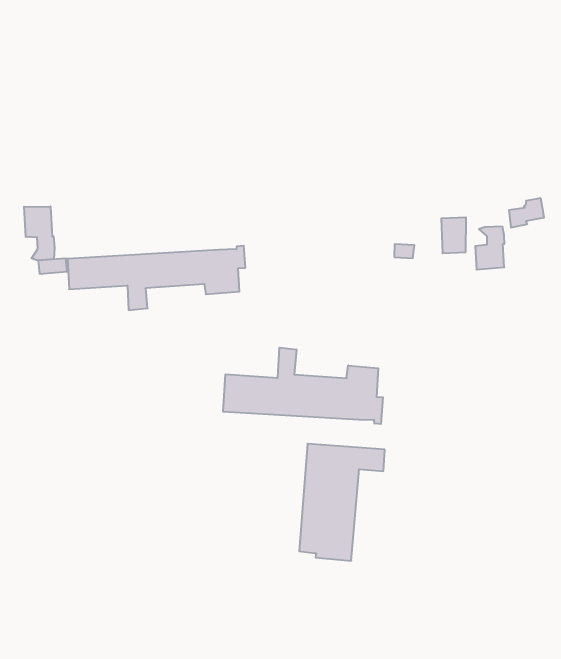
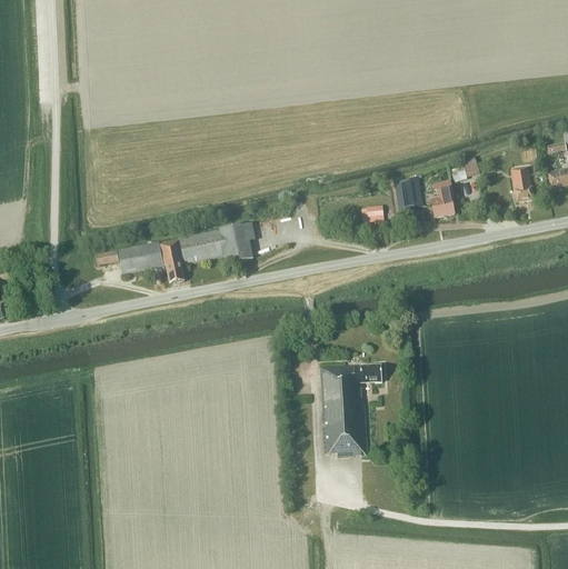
building: [24,206,54,260] -> none
building: [223,348,383,424] -> none

